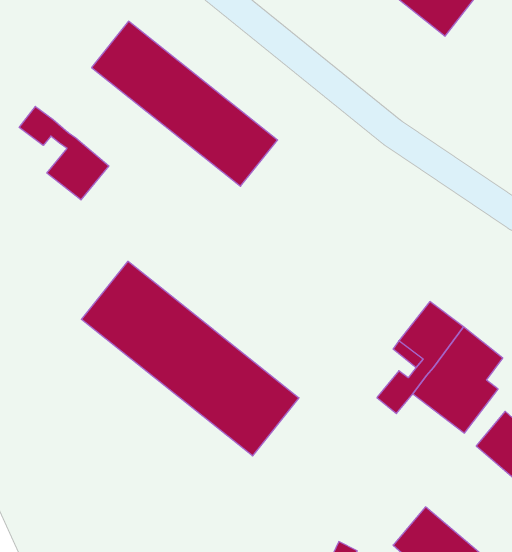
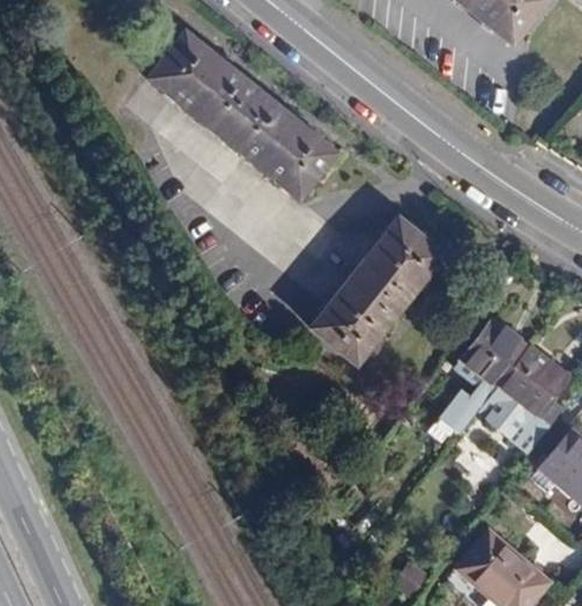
building: [19,106,109,200] -> none
building: none -> [310,215,446,366]
building: [81,261,299,456] -> none

